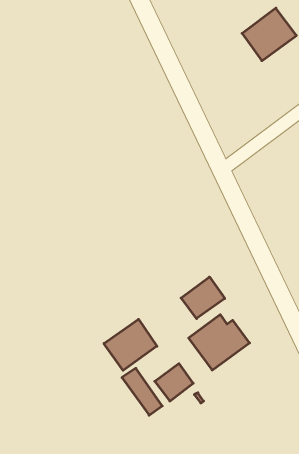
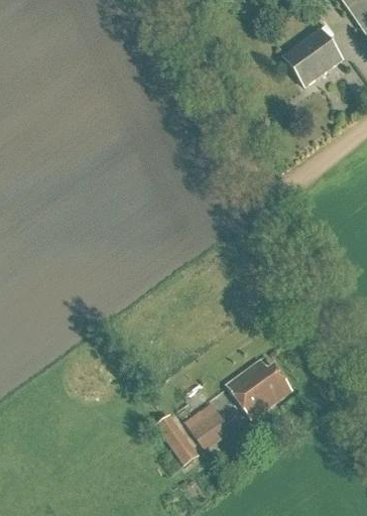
building: [181,277,225,319] -> none
building: [104,319,157,370] -> none

